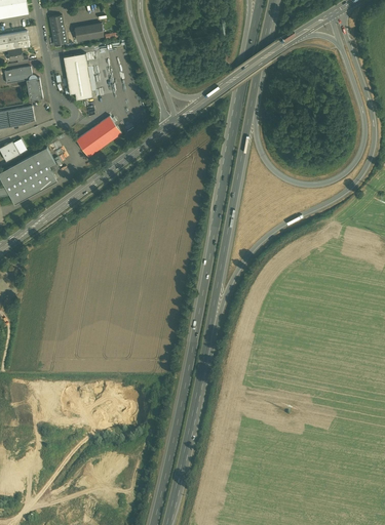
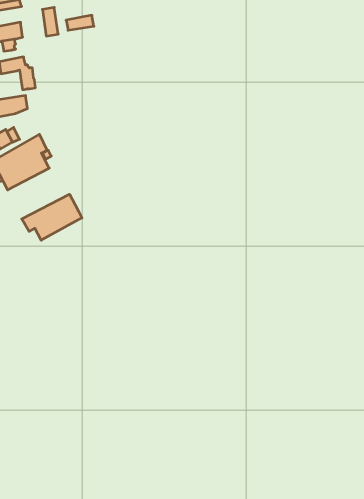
building: [63,53,92,99] -> none
building: [75,116,121,157] -> none
building: none -> [22,194,82,240]

